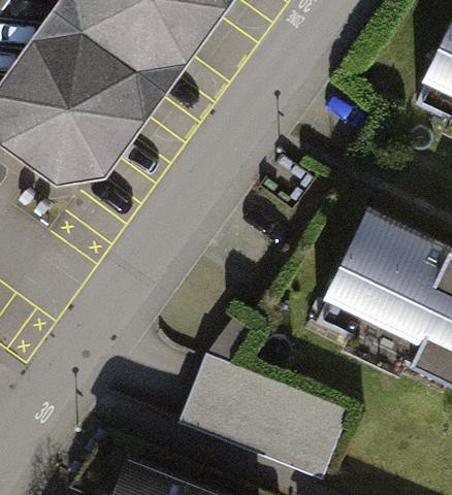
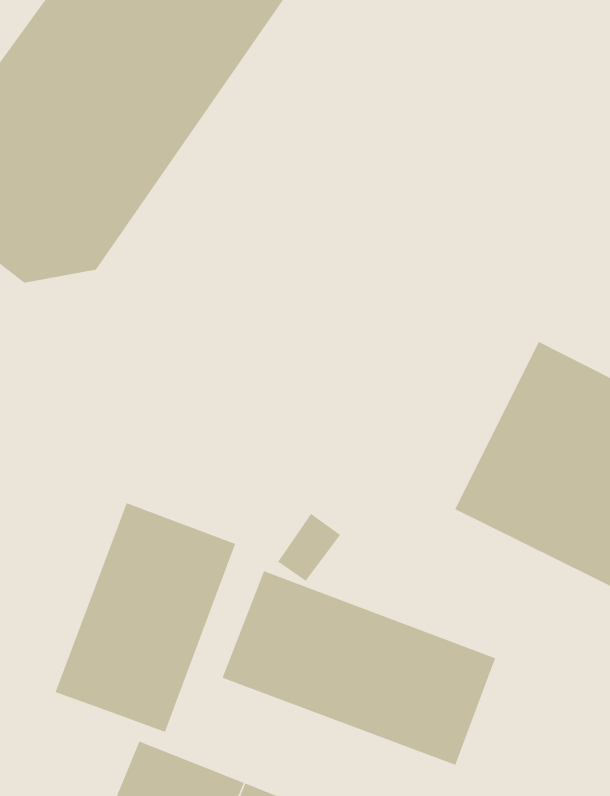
building: none -> [55,502,236,733]

